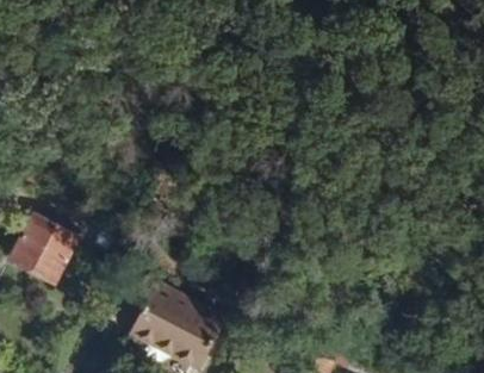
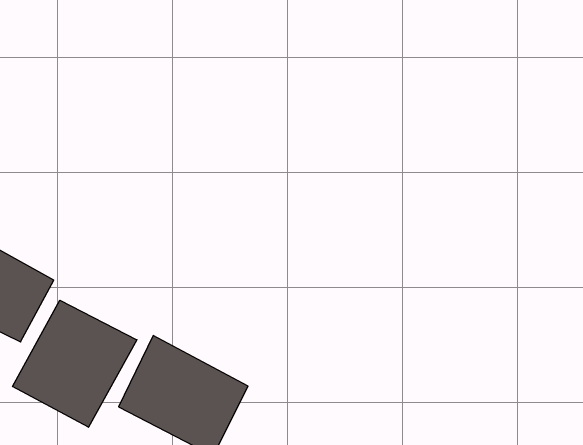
building: none -> [13,300,137,427]

